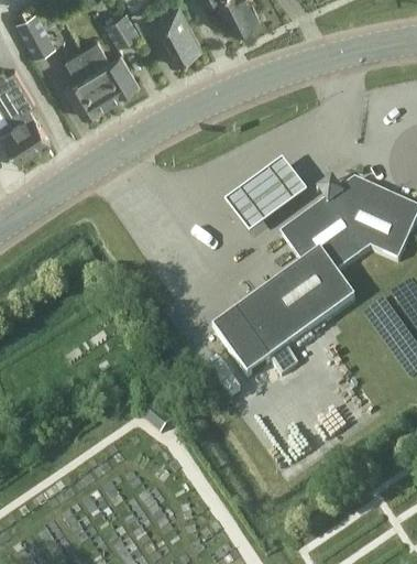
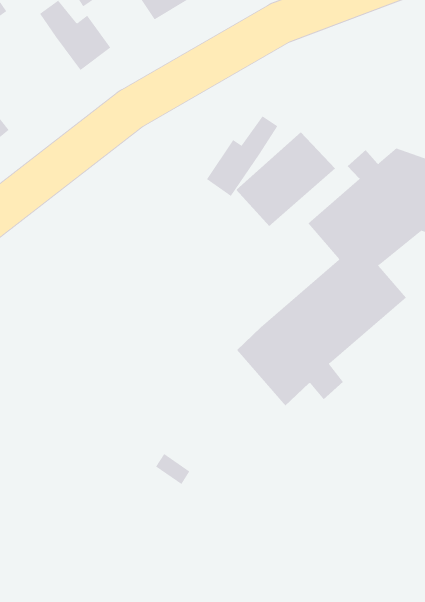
building: [63,44,108,110] -> none
building: none -> [206,115,278,197]

